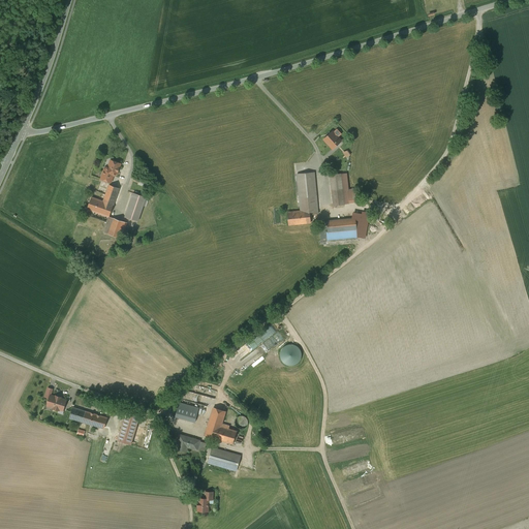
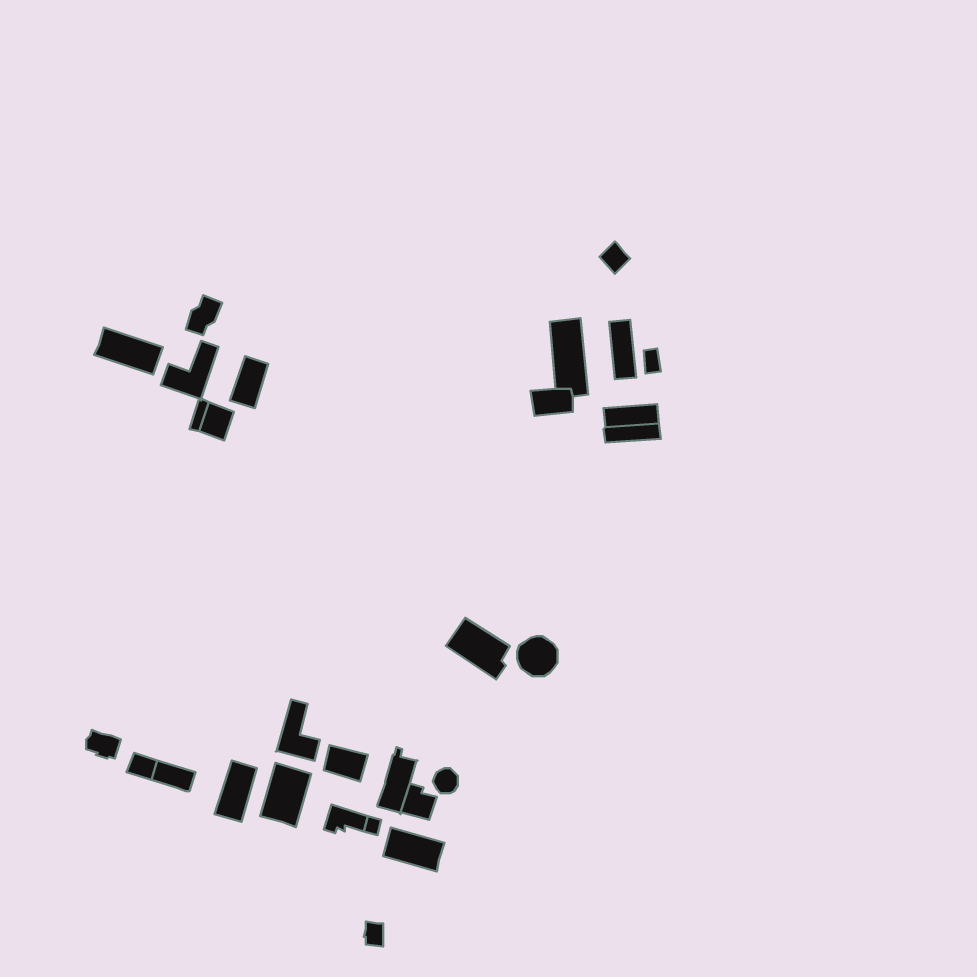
building: none -> [94,328,163,374]
building: none -> [446,618,510,680]
building: none -> [276,699,320,761]
building: none -> [260,763,311,827]

